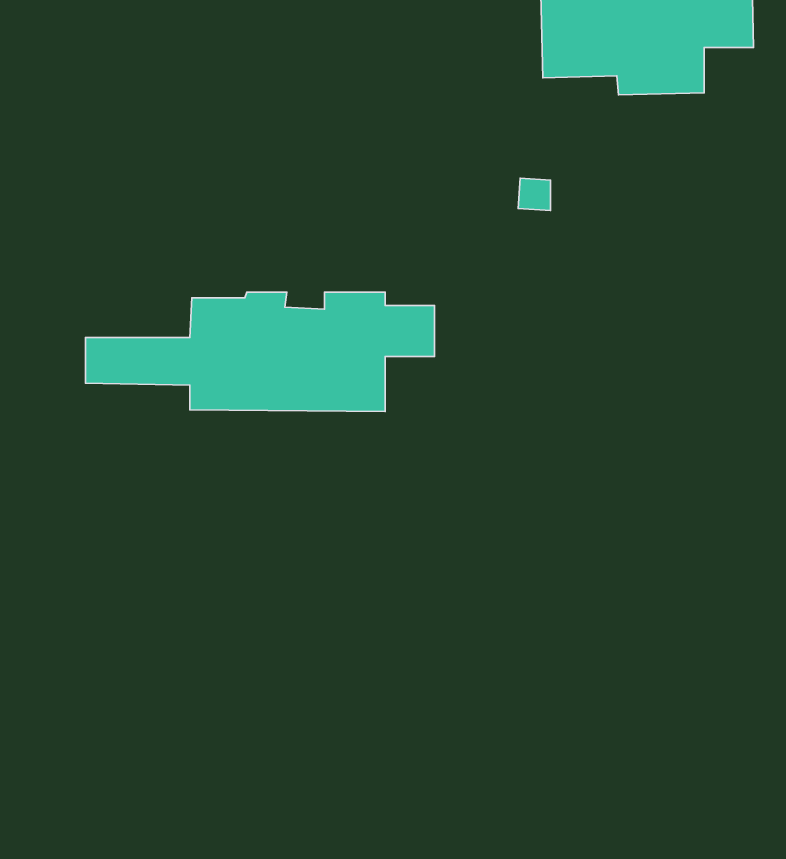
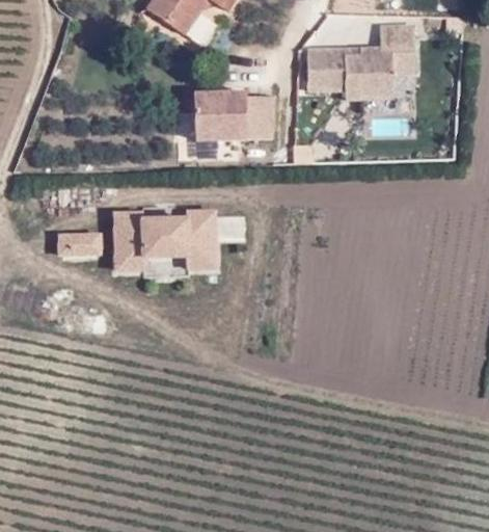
building: none -> [189,86,276,144]

